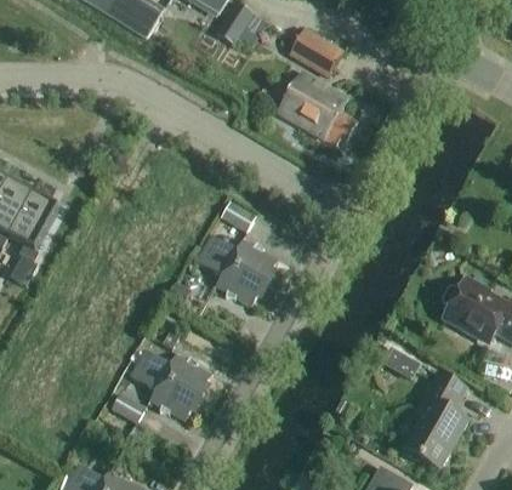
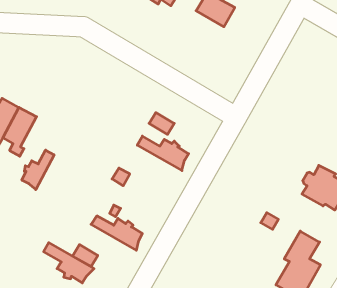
building: [277,70,358,146] -> none
building: [190,245,268,307] -> none
building: none -> [22,150,54,190]
building: [130,363,203,421] -> [44,243,94,283]

